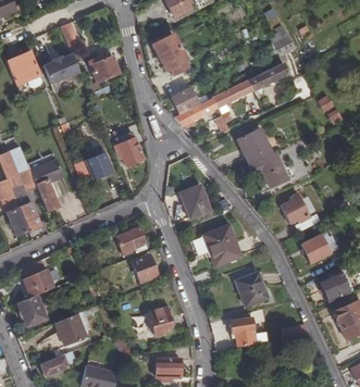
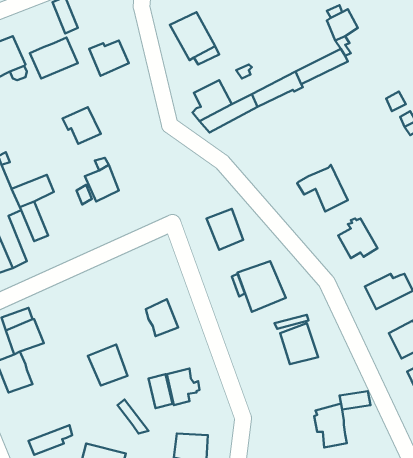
building: [238,127,273,164] -> none
building: [115,137,145,165] -> [63,107,101,144]
building: [116,228,147,255] -> none
building: [229,312,255,346] -> [314,404,347,447]
building: [55,314,86,346] -> [88,345,128,386]

